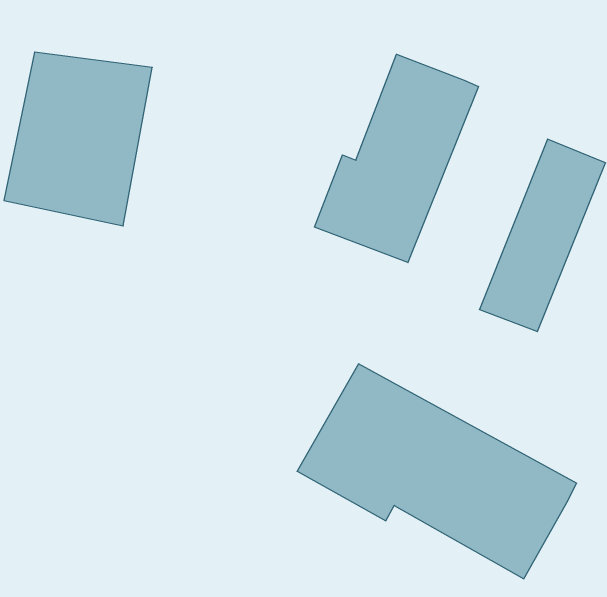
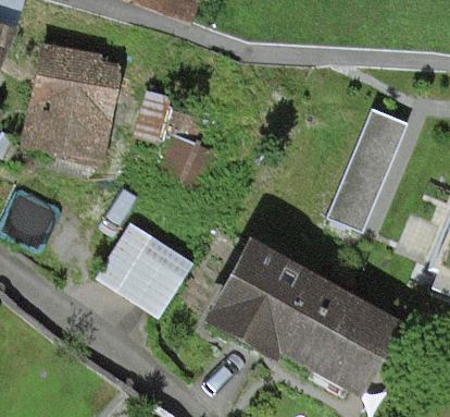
building: [315,54,478,263] -> none
building: none -> [100,225,191,309]

